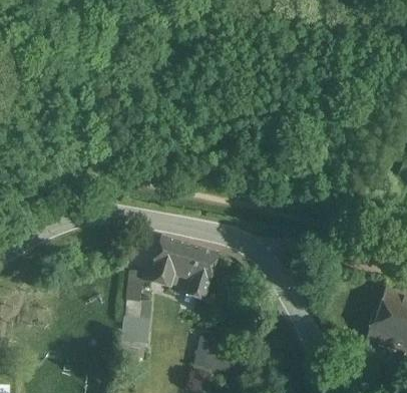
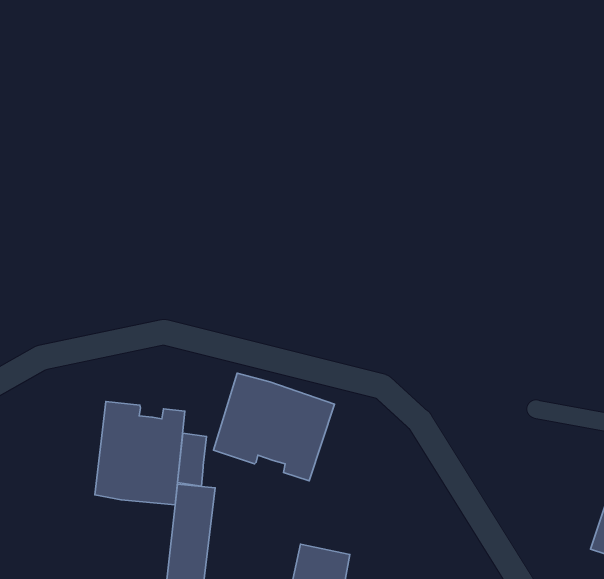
building: none -> [95,402,185,505]

